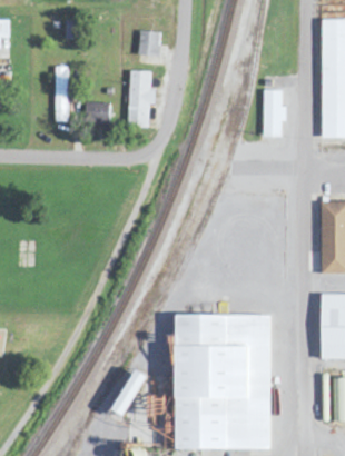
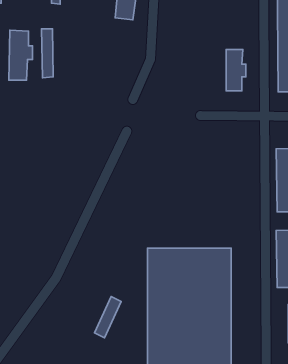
building: [128,70,155,127] -> [9,30,33,80]
building: [87,102,110,123] -> none

